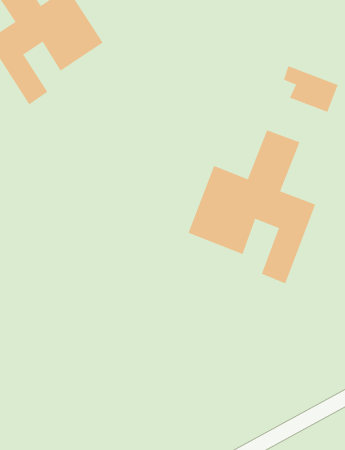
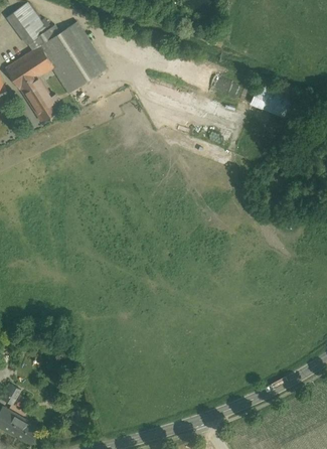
building: [188,130,316,284] -> none

